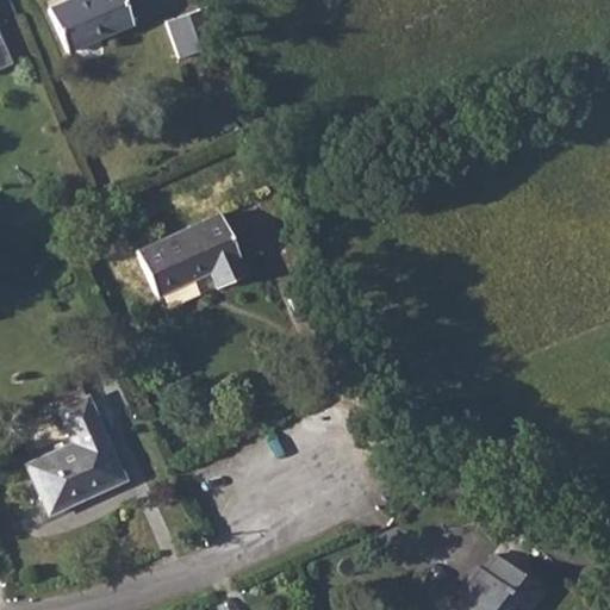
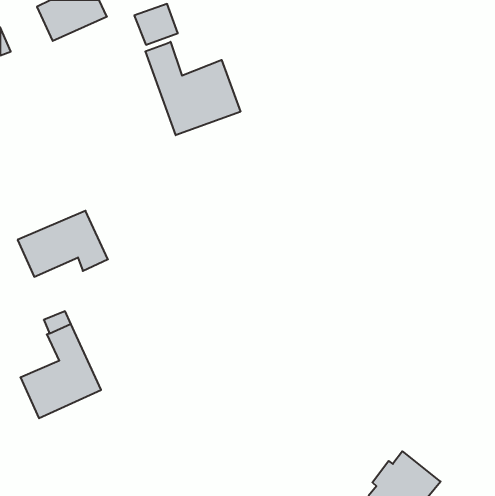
building: none -> [145,42,240,135]
building: [138,214,249,295] -> [18,211,108,277]

